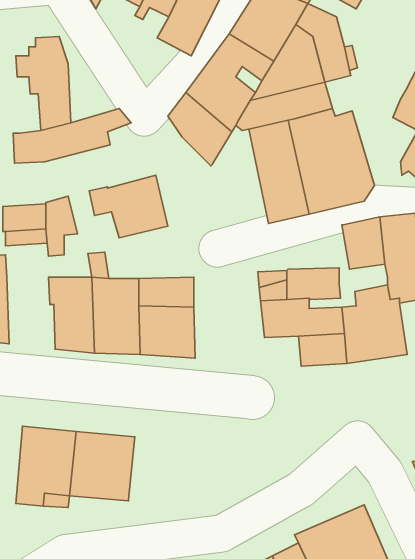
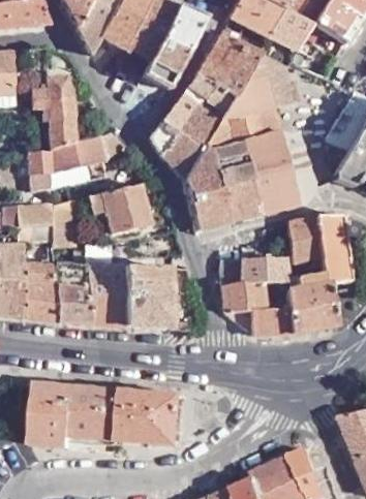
building: none -> [183,146,228,231]
building: none -> [22,266,60,322]
building: none -> [118,392,187,447]

